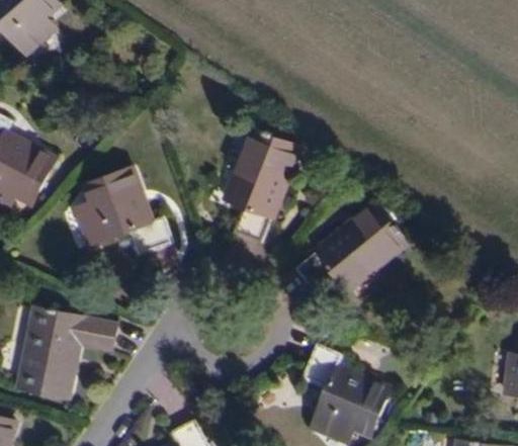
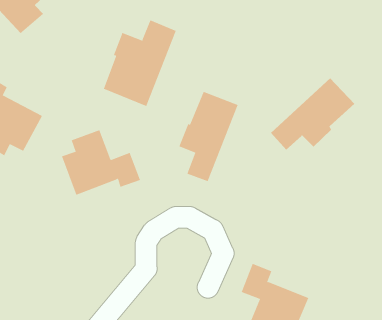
building: none -> [103,19,177,107]
building: [298,202,406,294] -> [270,77,355,151]
building: [16,309,116,399] -> none

